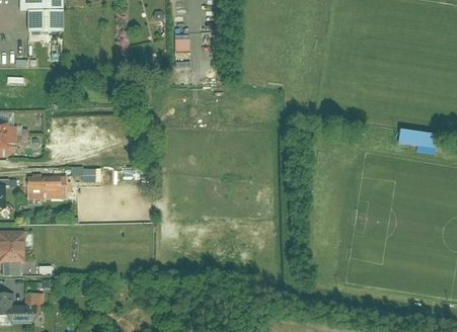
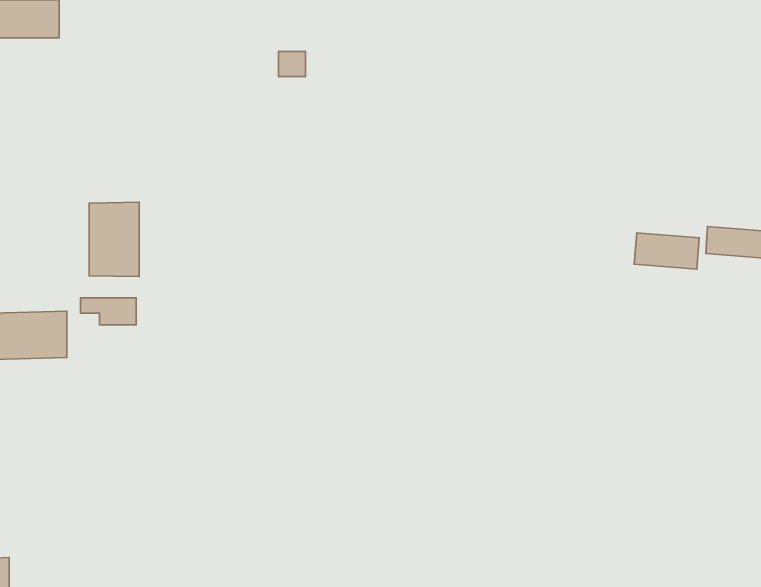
building: none -> [89,202,139,277]
building: none -> [634,233,699,269]

